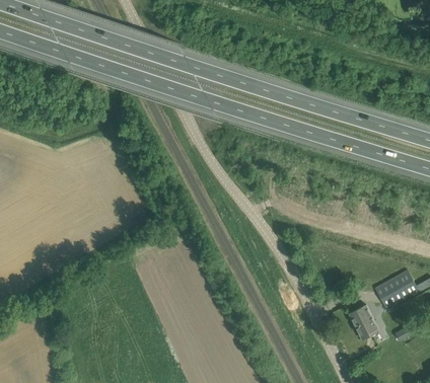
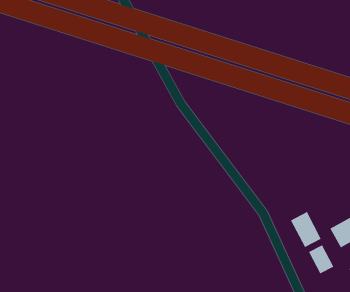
building: none -> [290,211,322,248]

